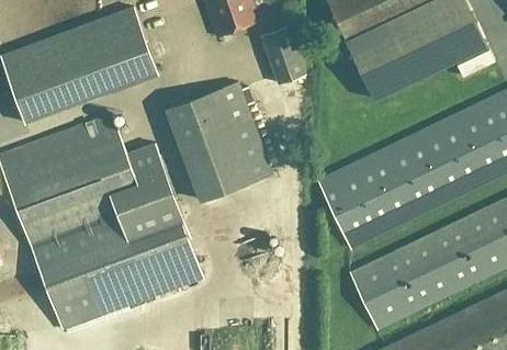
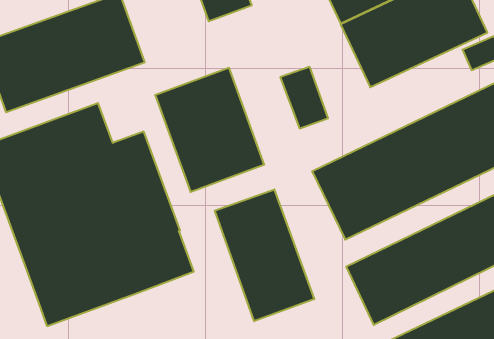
building: [259,25,305,84] -> [280,67,328,128]
building: none -> [215,189,314,321]

